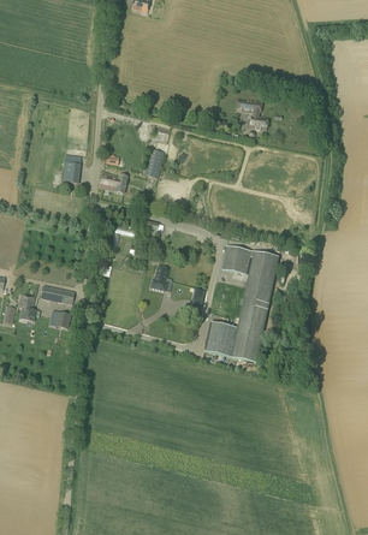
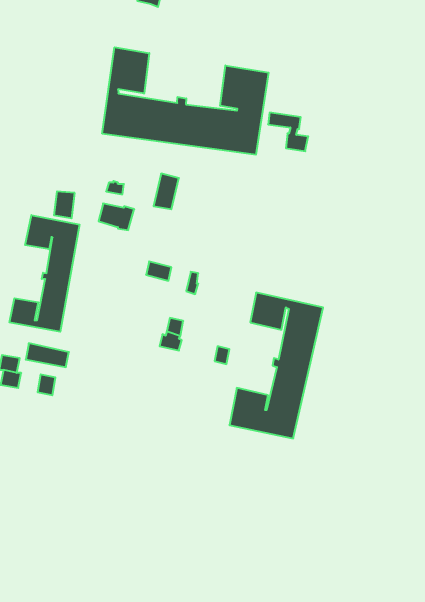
building: none -> [102,47,269,155]
building: none -> [9,215,80,332]

